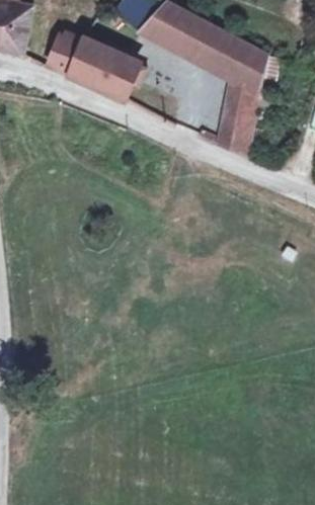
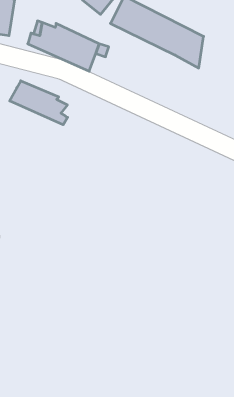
building: [221,75,260,154] -> none
building: none -> [10,81,68,125]

